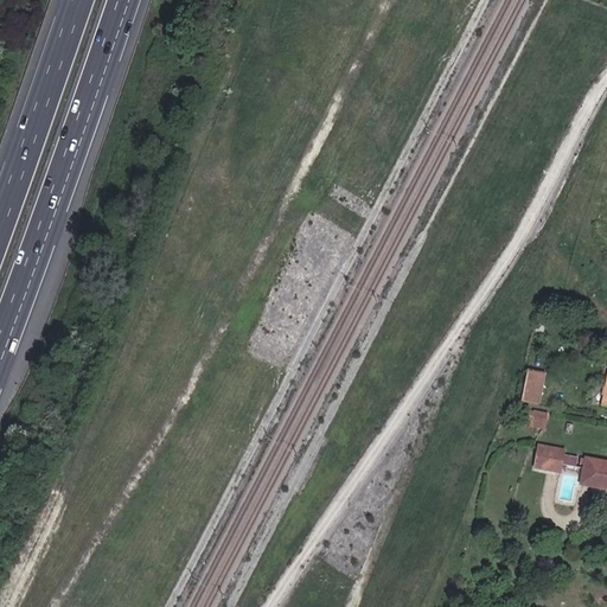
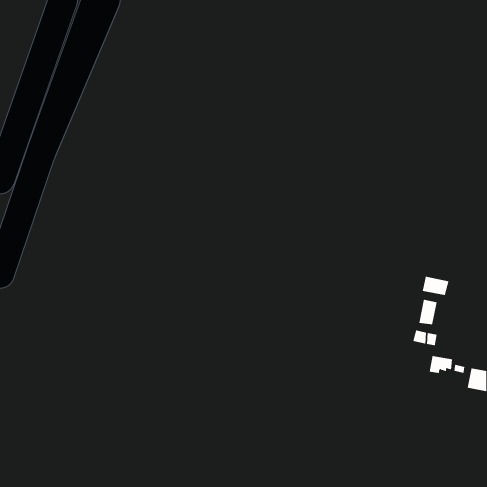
building: none -> [422,276,449,296]

